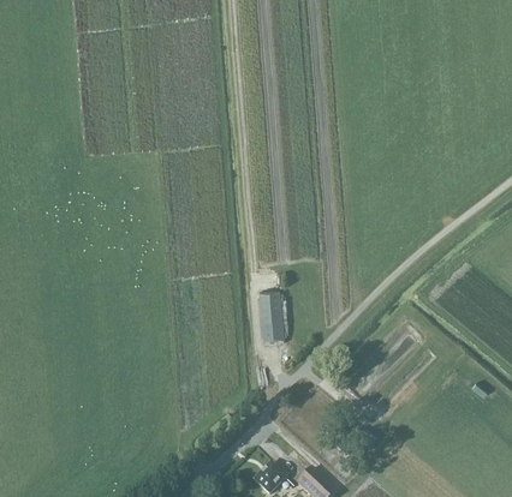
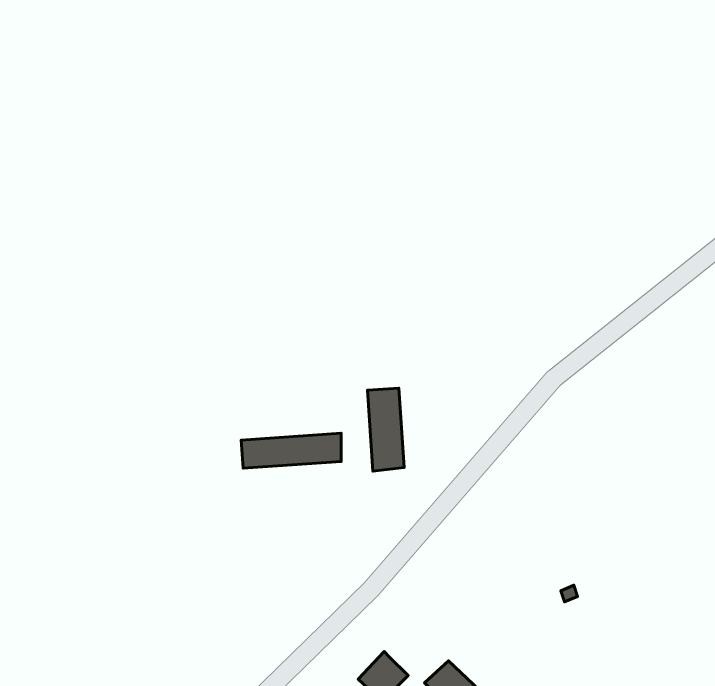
building: none -> [241,433,341,468]

